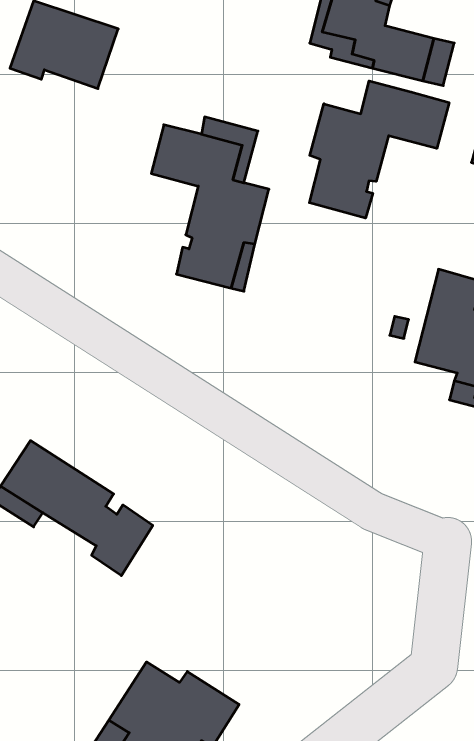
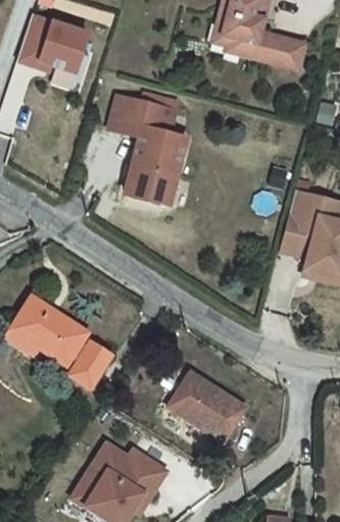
building: [309,81,449,218] -> none
building: none -> [167,370,246,442]

